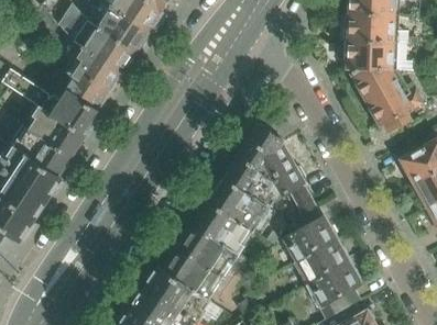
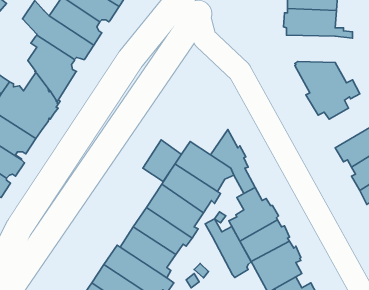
building: [343,42,415,72] -> none
building: [240,126,282,171] -> [143,140,181,181]
building: none -> [205,219,251,277]

